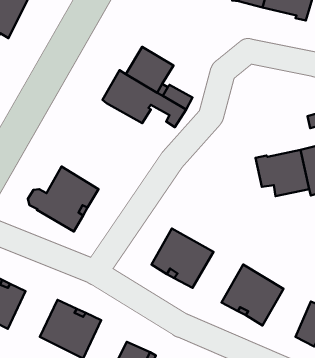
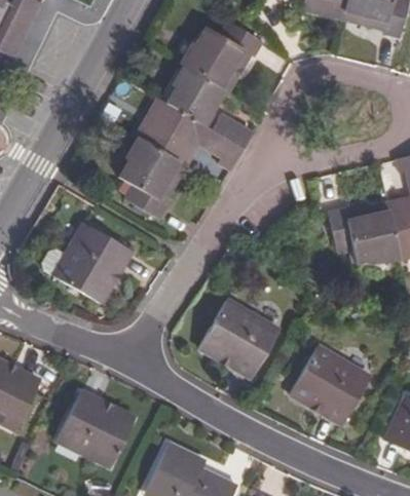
building: none -> [185,22,262,93]
building: none -> [120,140,187,217]

